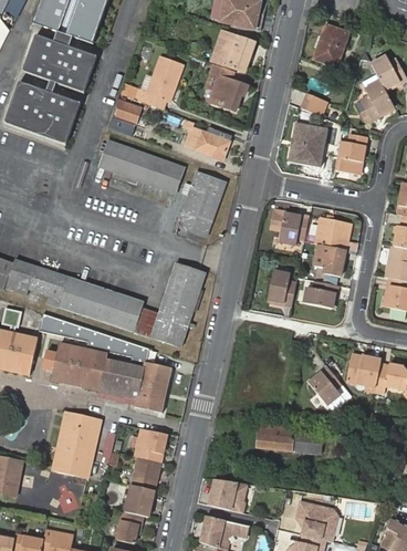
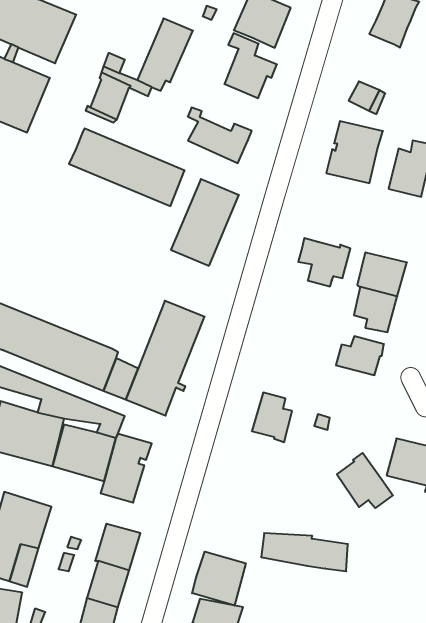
building: [267,270,295,305] -> [252,393,292,442]
building: none -> [192,552,246,606]

